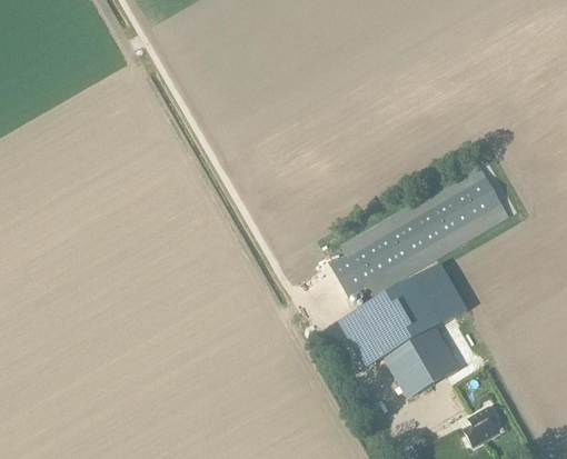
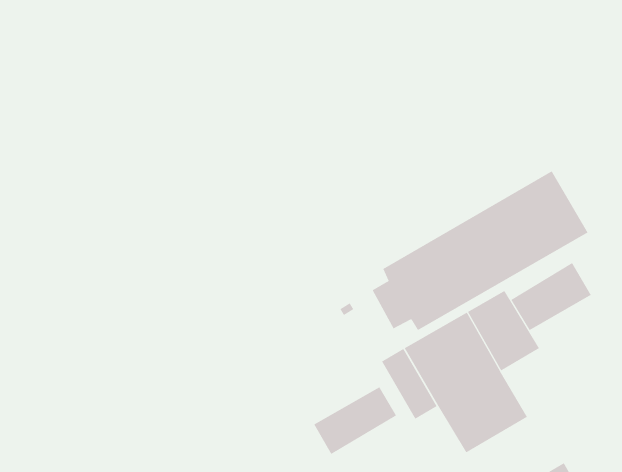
building: none -> [510,262,592,331]
building: none -> [313,387,397,455]

